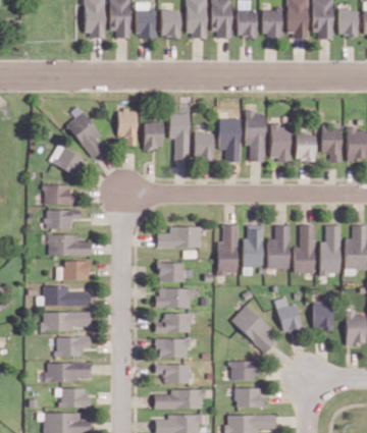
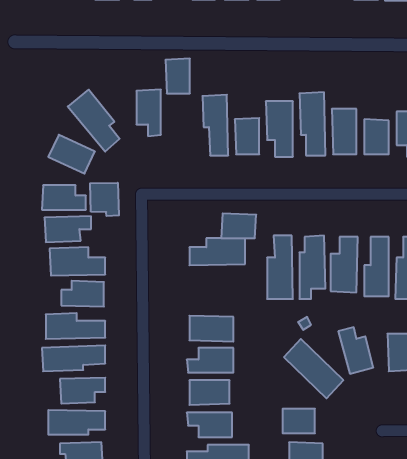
building: [144,121,163,149] -> [165,59,190,93]
building: none -> [90,183,119,216]
building: [160,262,188,281] -> [221,213,256,238]

